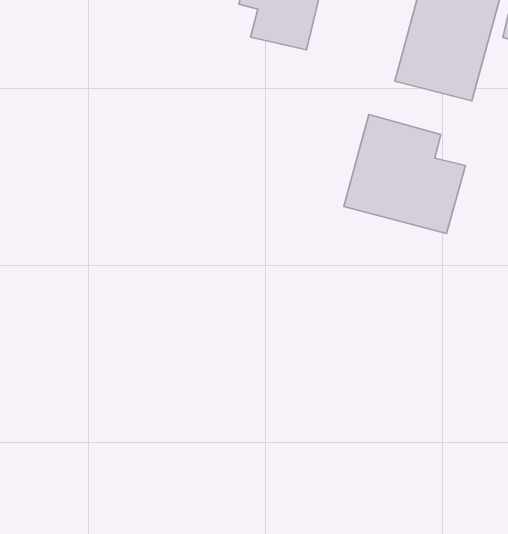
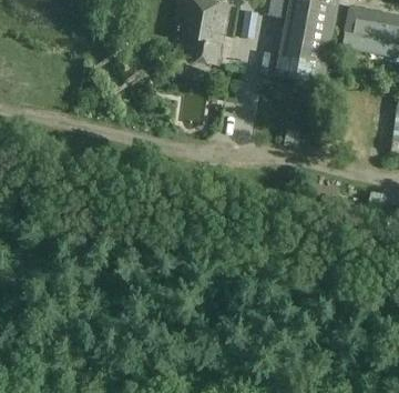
building: [344,115,465,234] -> none

